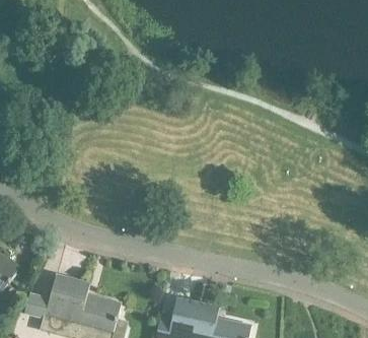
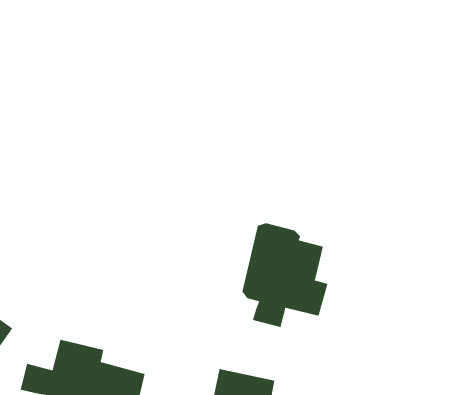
building: none -> [242,222,328,328]

